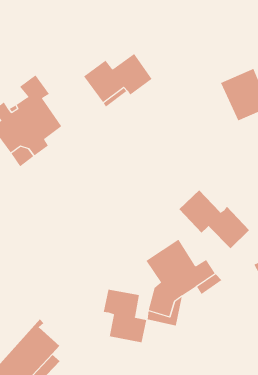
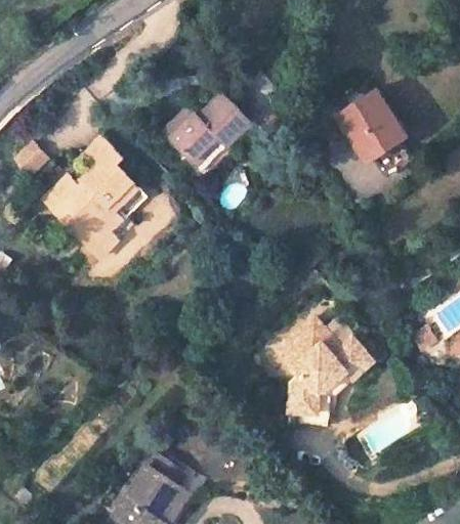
building: [178,190,250,249] -> none
building: [103,289,147,343] -> none

